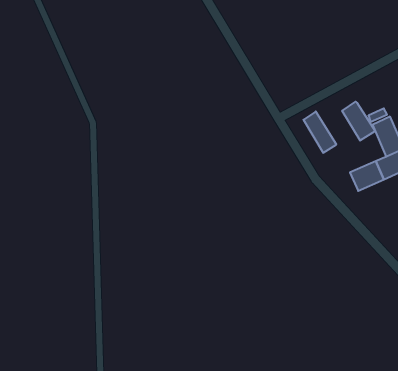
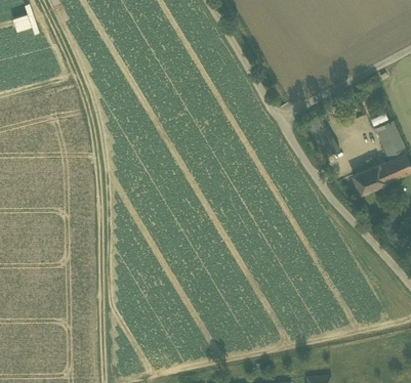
building: [342,102,375,141] -> none

